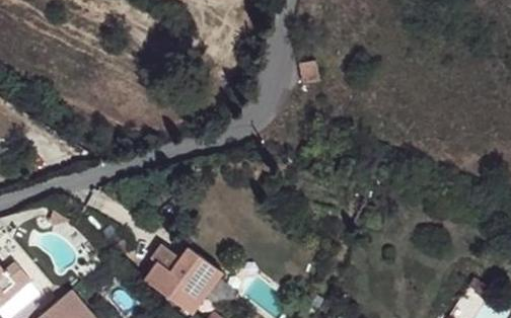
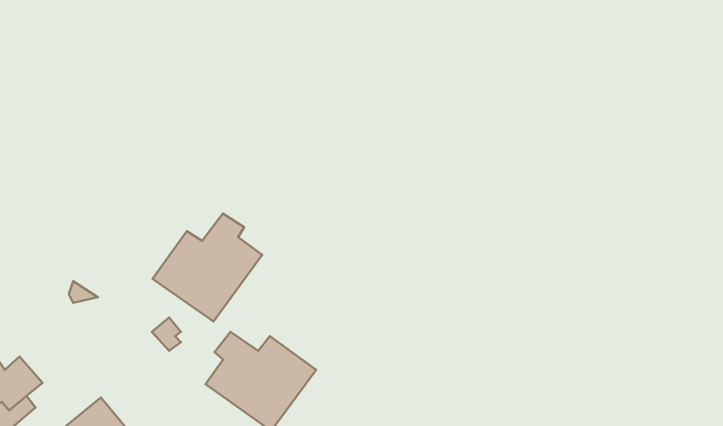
building: none -> [152,213,262,322]

